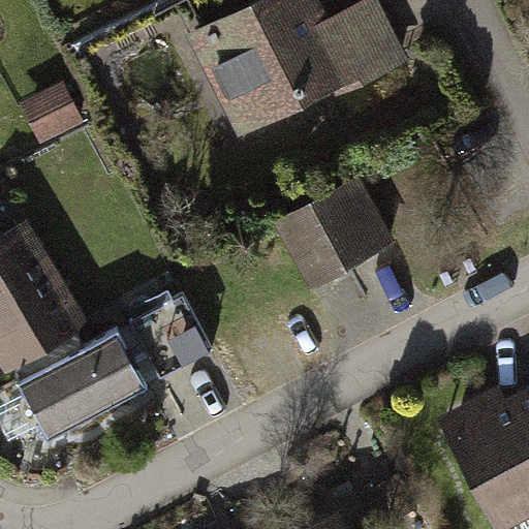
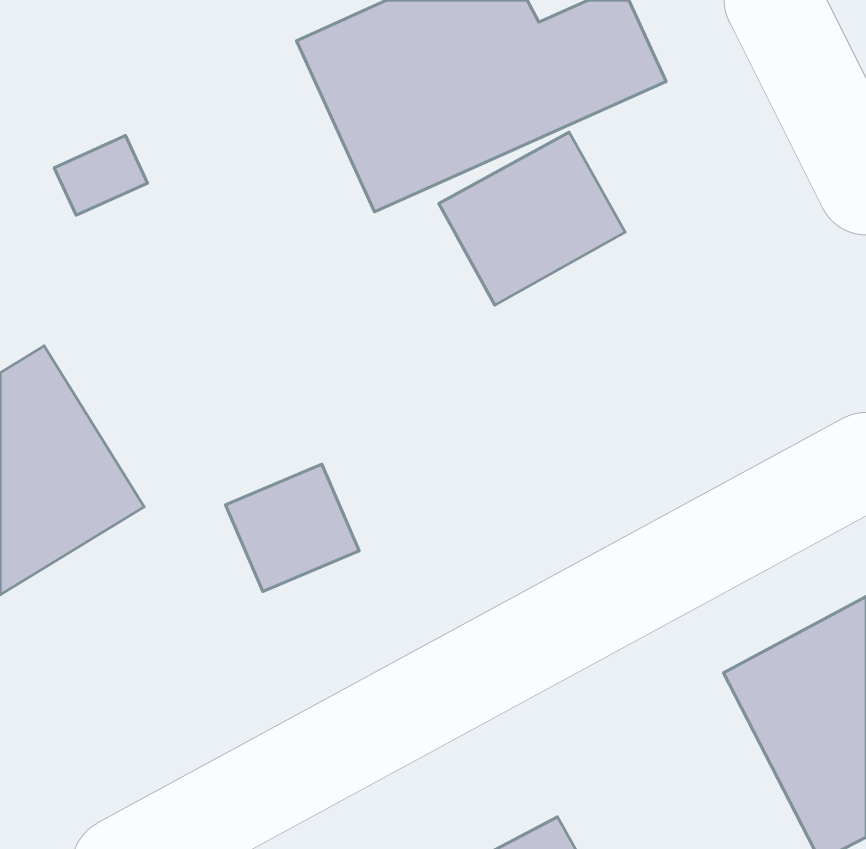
building: [280,189,394,294] -> [439,132,625,305]
building: [23,328,148,433] -> none

